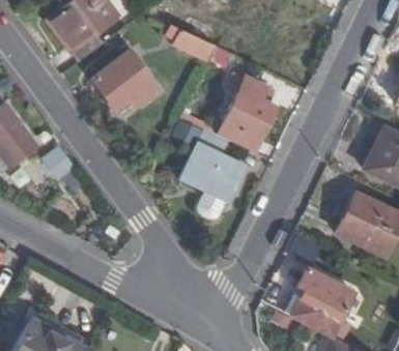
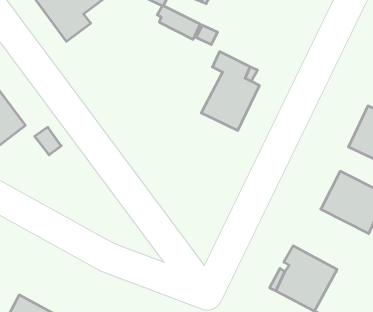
building: [91,49,159,109] -> none
building: [179,127,246,202] -> none

